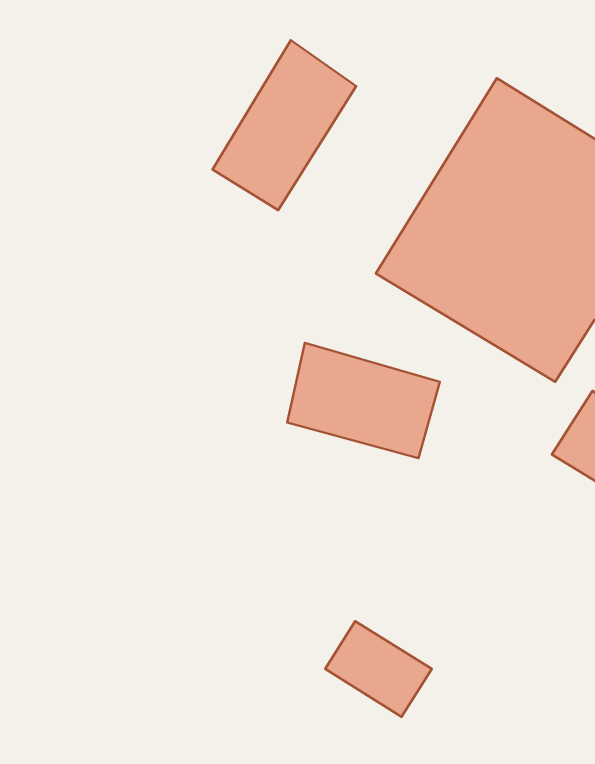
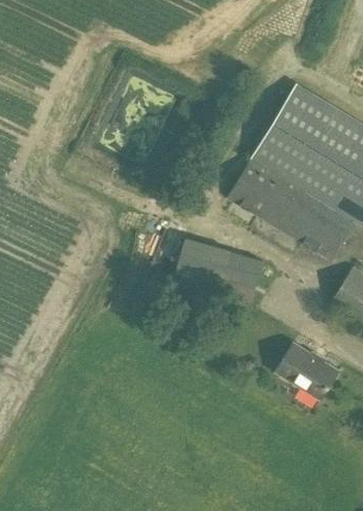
building: [212,40,356,210] -> none
building: [325,621,432,717] -> [277,342,339,398]

